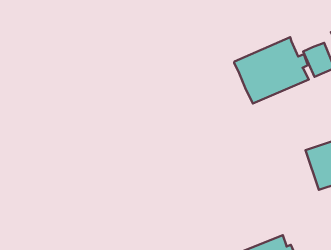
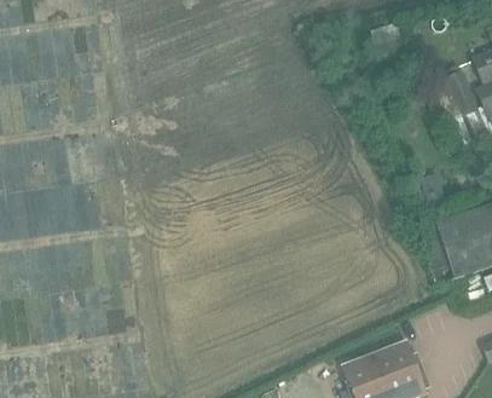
building: [234,37,309,104] -> none

